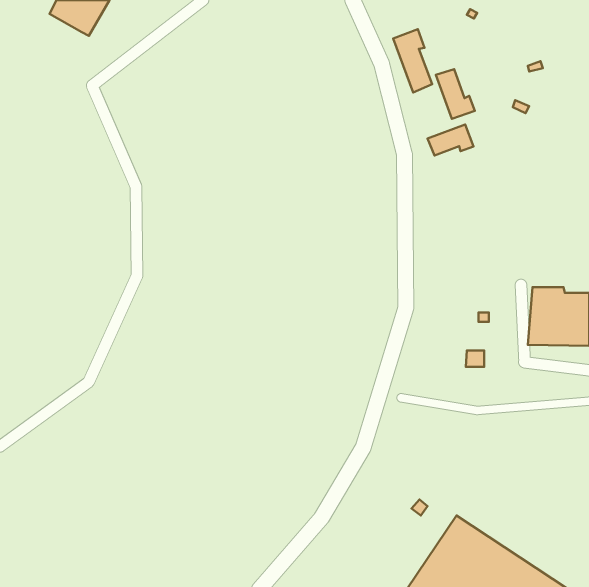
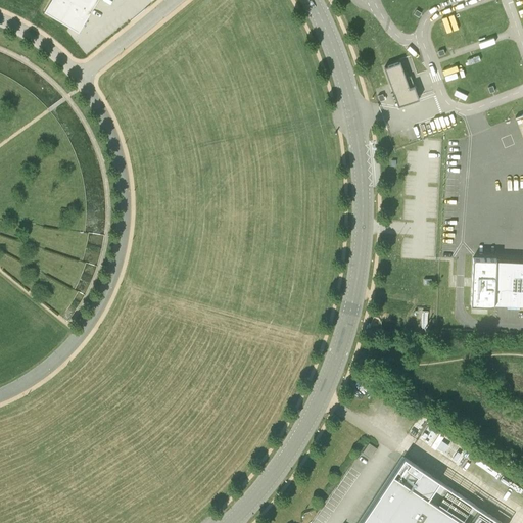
building: [393,29,432,93] -> none
building: [427,124,474,156] -> none

